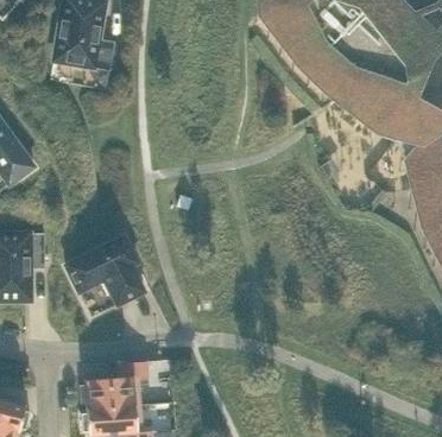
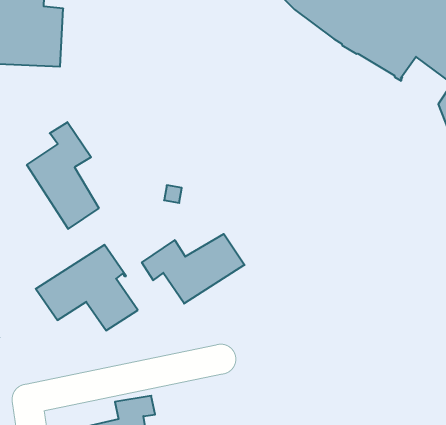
building: none -> [27,122,99,229]
building: none -> [142,234,245,304]

